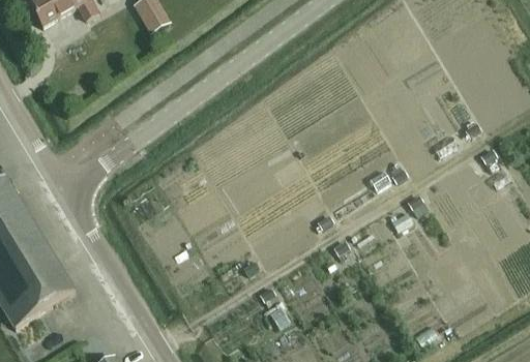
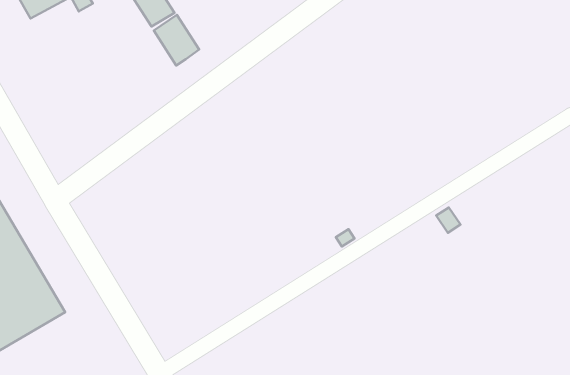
building: none -> [154,15,199,65]

